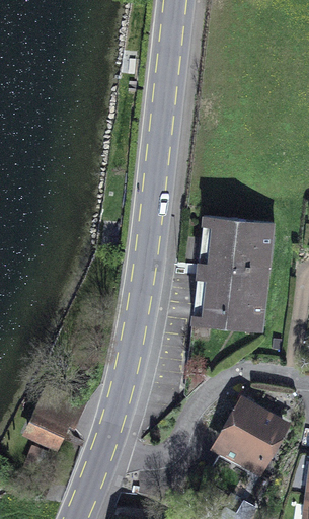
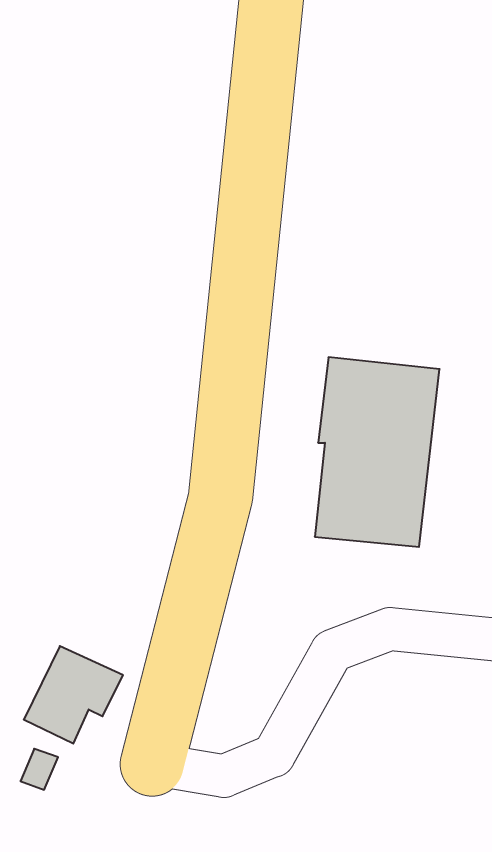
building: [223,404,282,462] -> none

